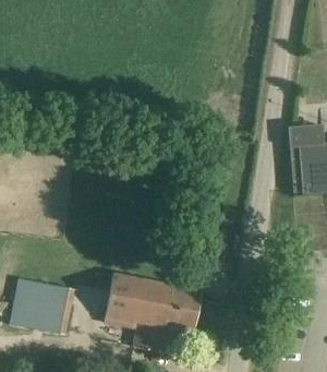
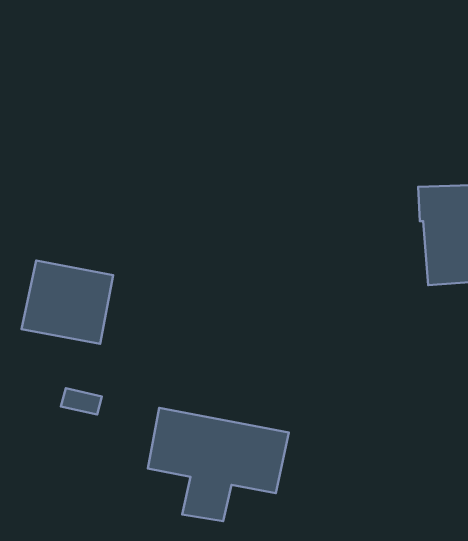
building: [13,278,74,334] -> [21,260,113,344]

